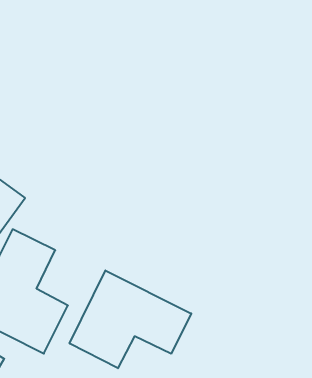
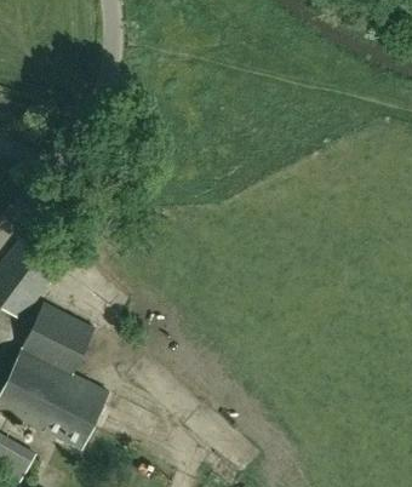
building: [70,270,191,368] -> none

